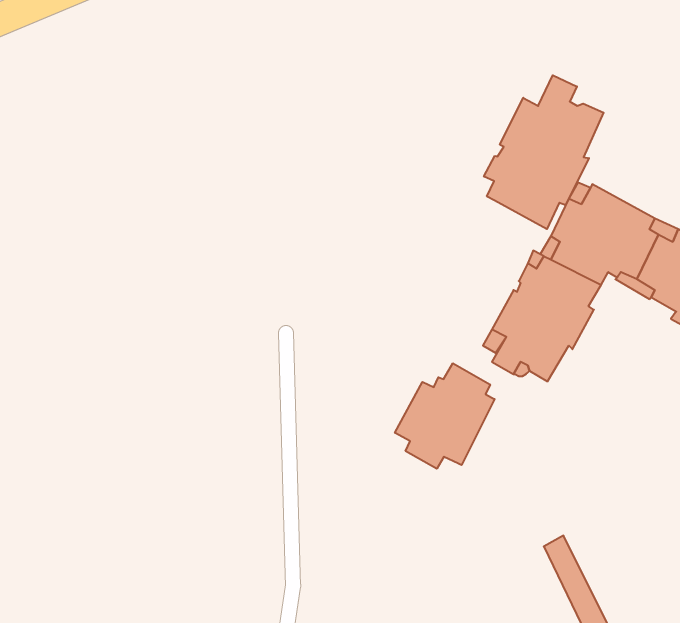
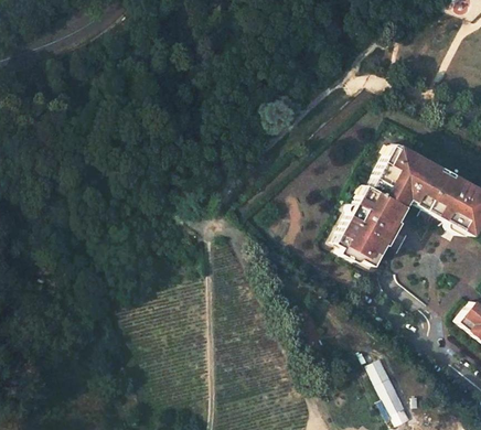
building: [484,75,604,229] -> none
building: [395,363,495,469] -> none

